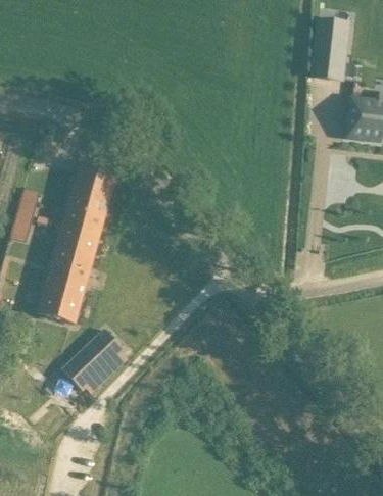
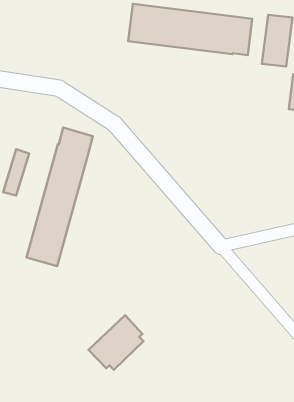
building: none -> [128,4,252,55]
building: [61,327,126,391] -> [89,315,144,370]

